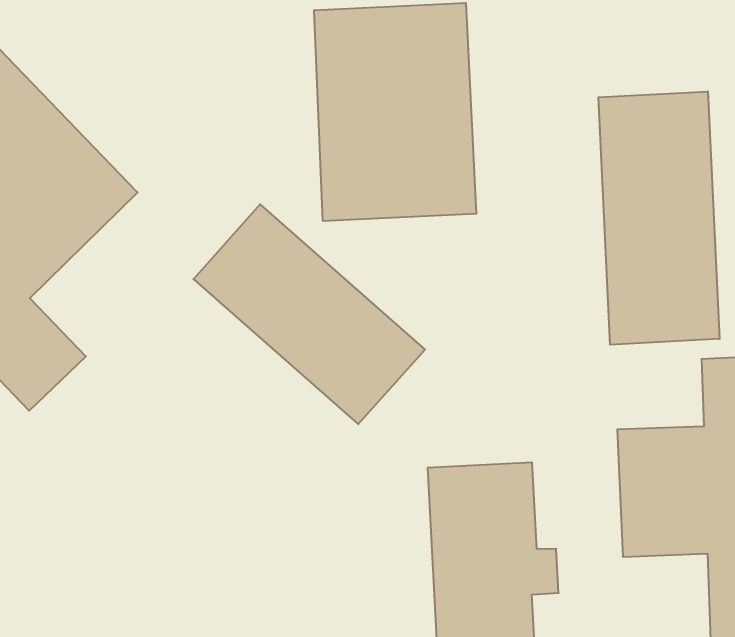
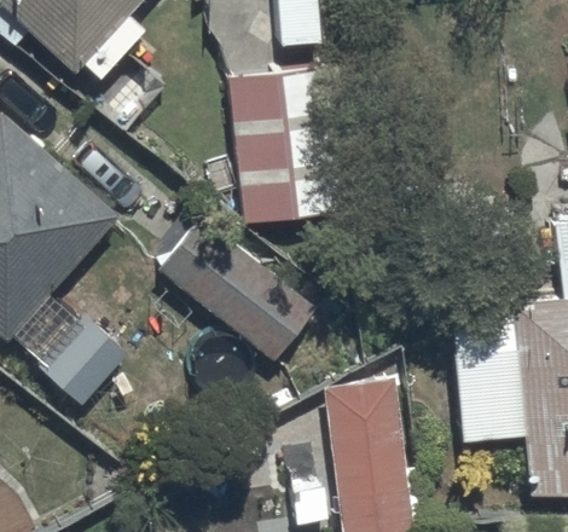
building: [598,91,720,345] -> none

